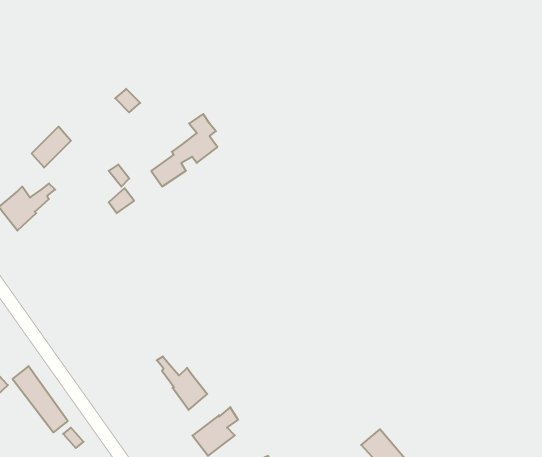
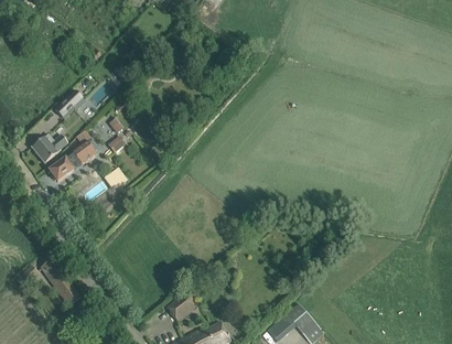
building: [151,114,217,186] -> [49,130,95,181]
building: [157,356,207,410] -> none

